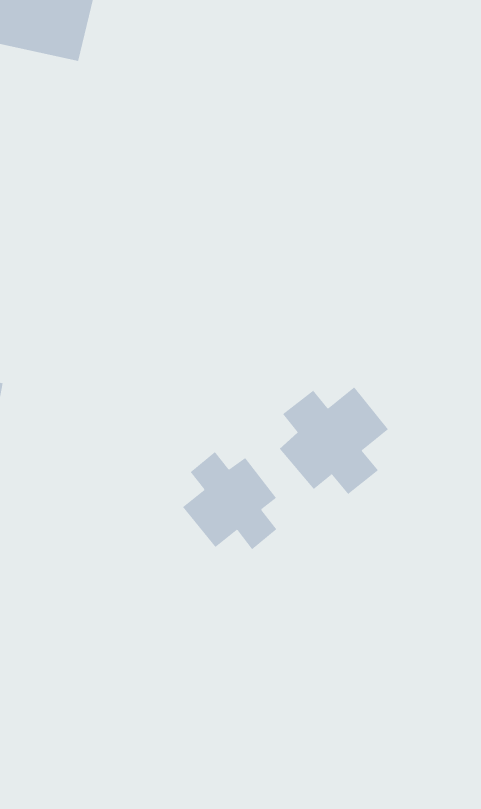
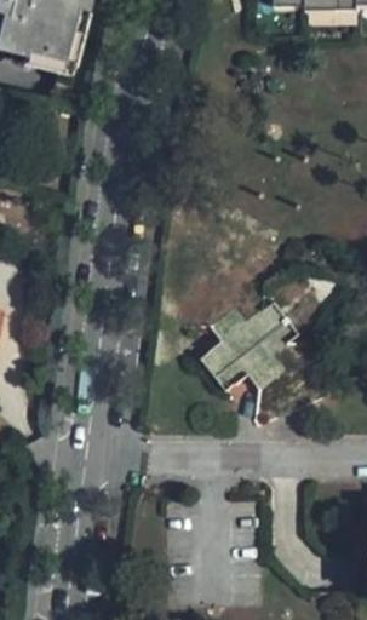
building: [182,451,277,550] -> none

